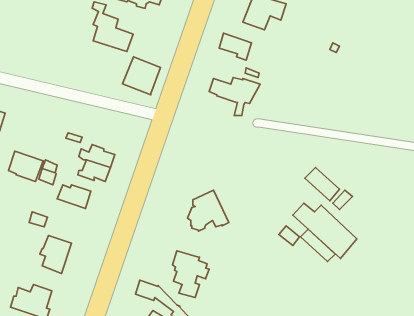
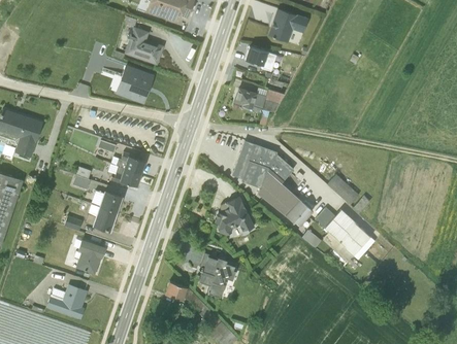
building: [122,57,160,95] -> [117,66,153,102]
building: none -> [232,140,313,226]
building: [8,151,43,181] -> [85,203,118,232]

